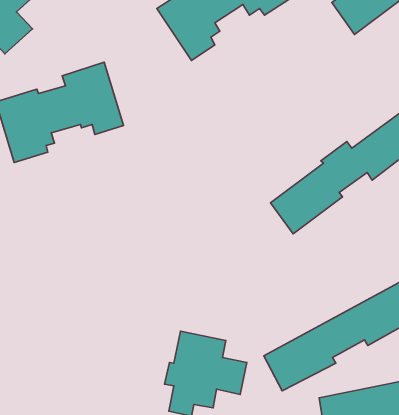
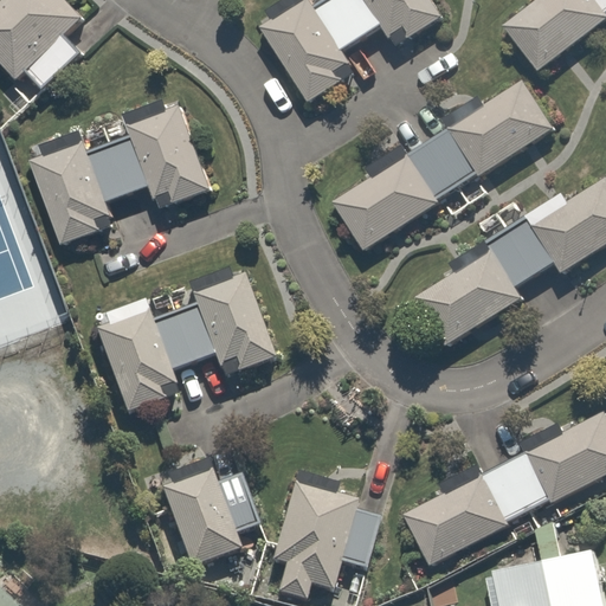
building: none -> [334,76,559,246]
building: none -> [97,275,273,415]
building: none -> [162,465,247,569]

